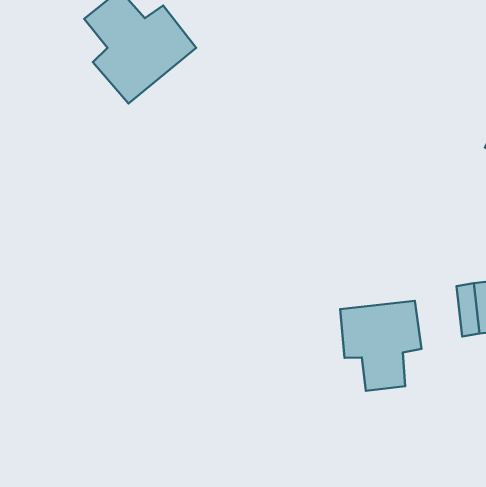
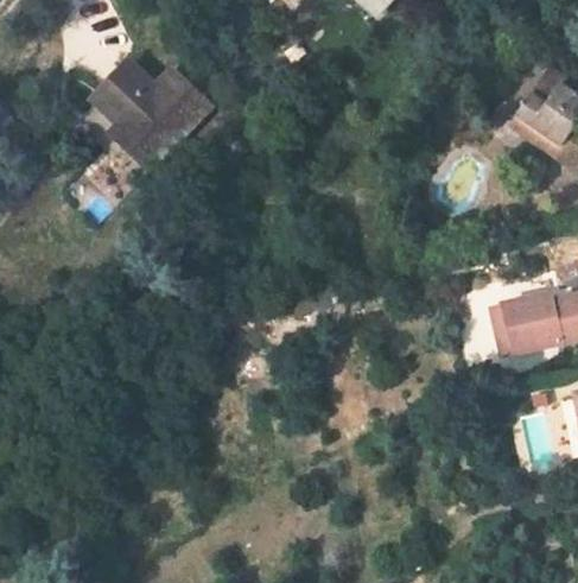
building: [340,301,421,391] -> none

